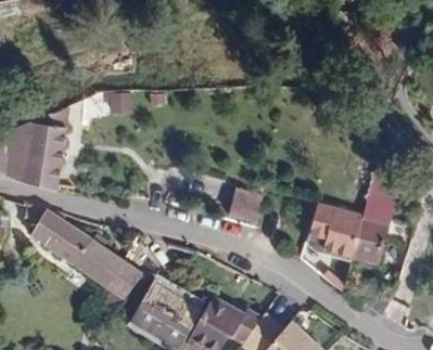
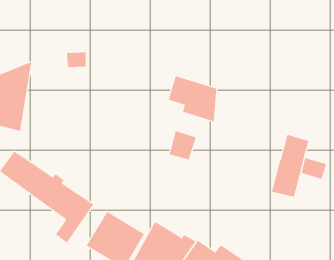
building: none -> [168,76,217,122]
building: [308,205,360,257] -> none

